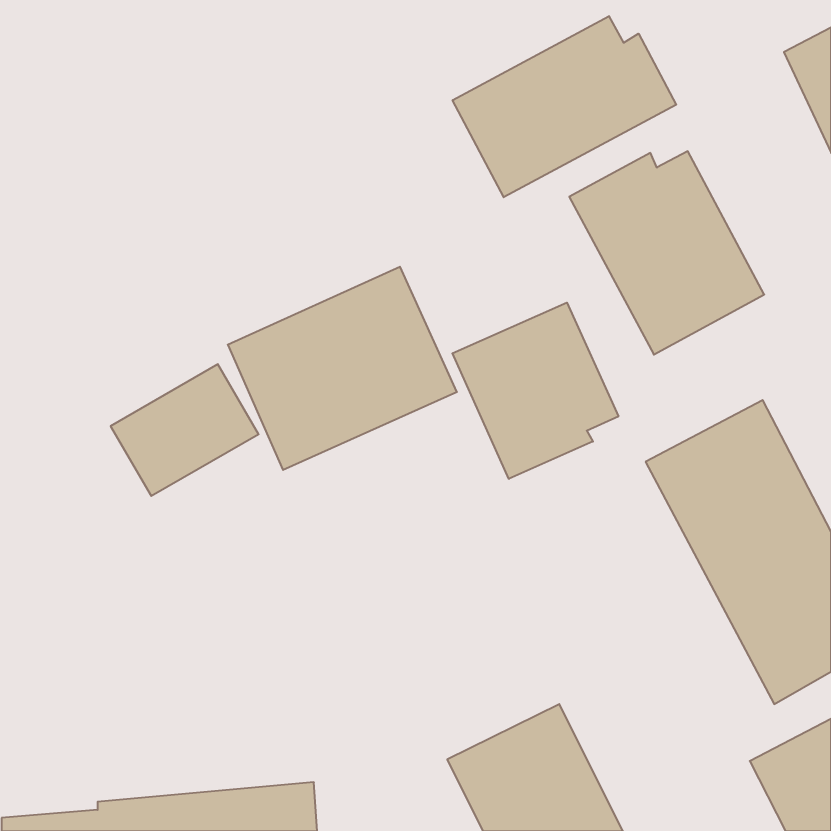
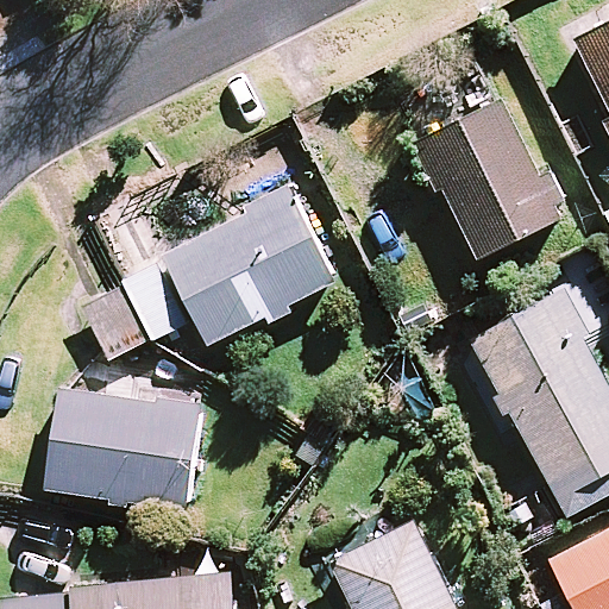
building: [453,16,676,197] -> none
building: [452,303,618,479] -> none
building: none -> [45,387,199,508]

